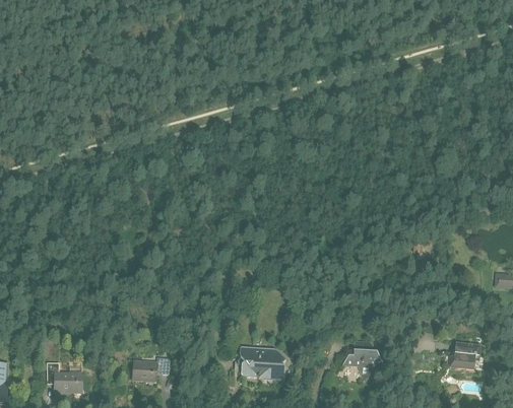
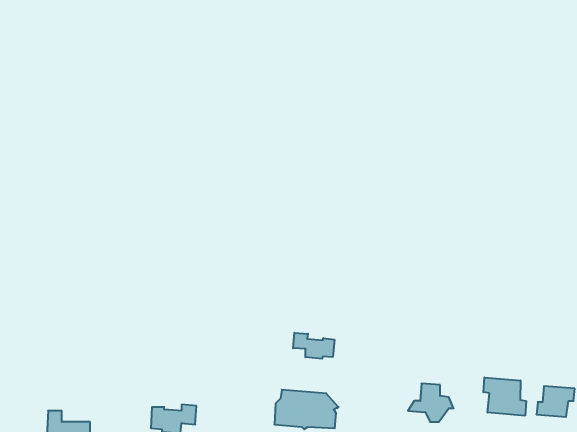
building: none -> [293,333,334,359]
building: none -> [483,377,526,416]

